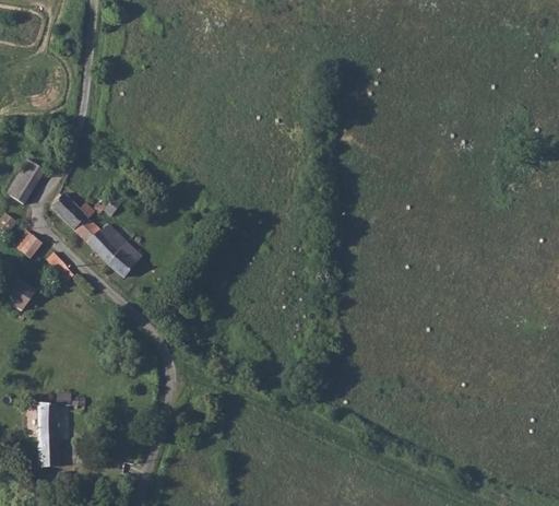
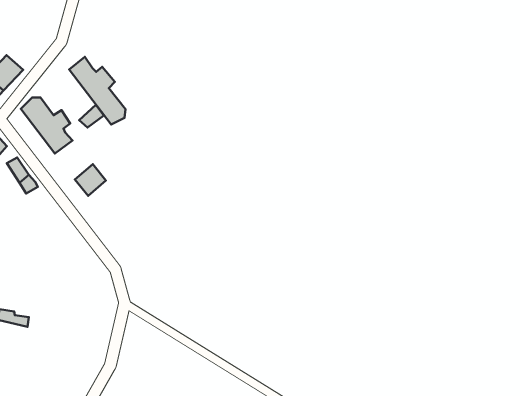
building: none -> [69,57,125,125]
building: [88,228,124,263] -> none

